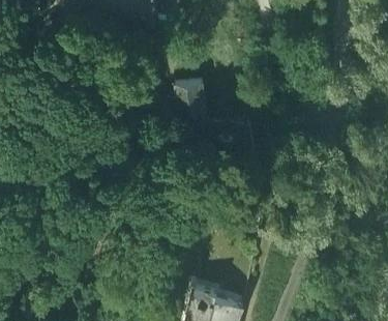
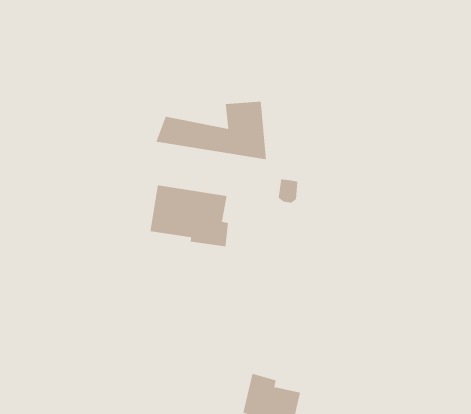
building: none -> [150,185,229,247]

